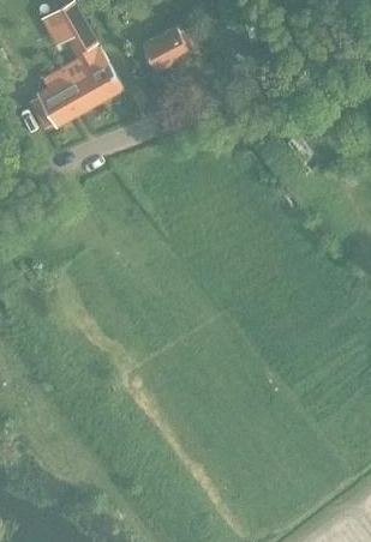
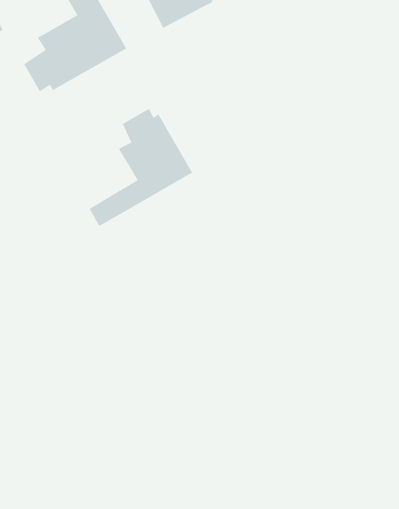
building: none -> [89,108,193,227]

